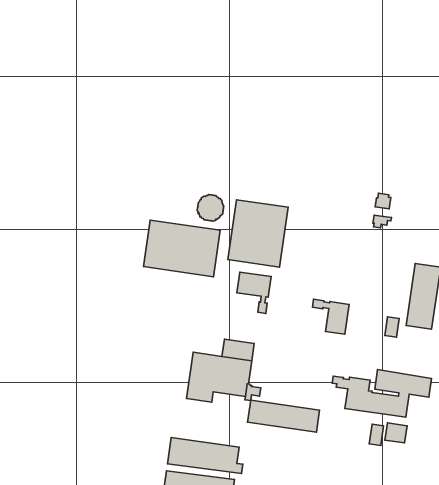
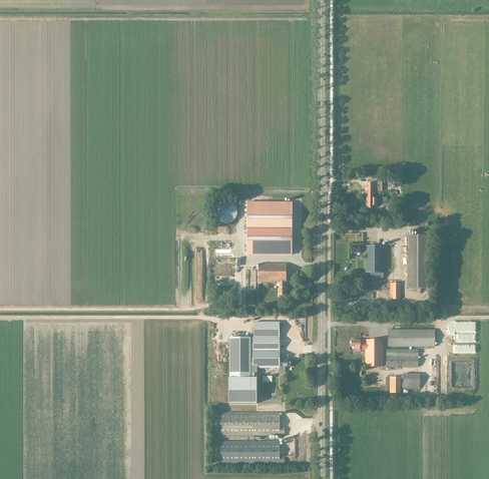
building: [144,220,220,277] -> none
building: [312,299,349,334] -> [352,246,383,272]
building: none -> [228,377,256,403]
building: [248,400,320,432] -> none

